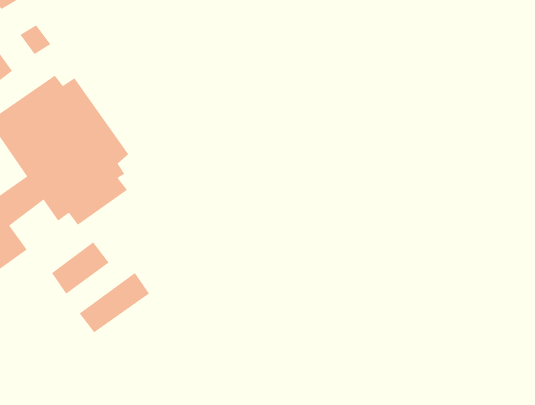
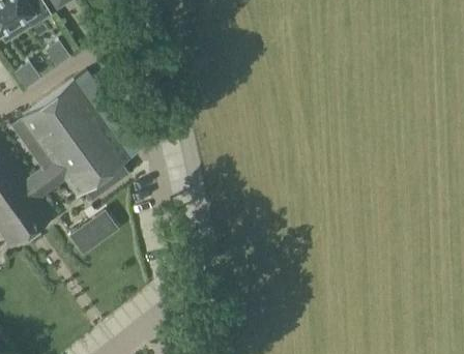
building: [79,272,150,333] -> none

